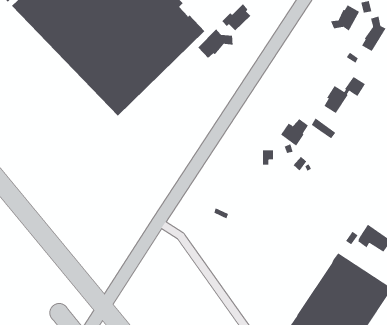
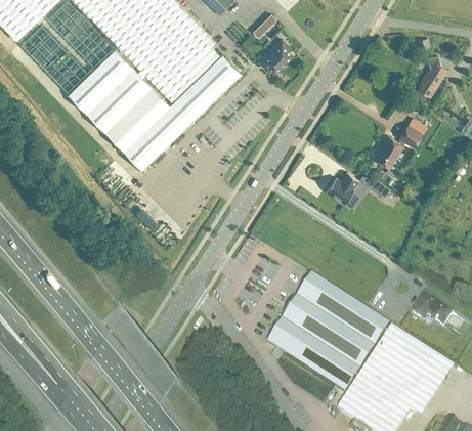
building: [330,4,360,31] -> none
building: [197,28,233,59] -> none
building: none -> [266,273,388,392]

